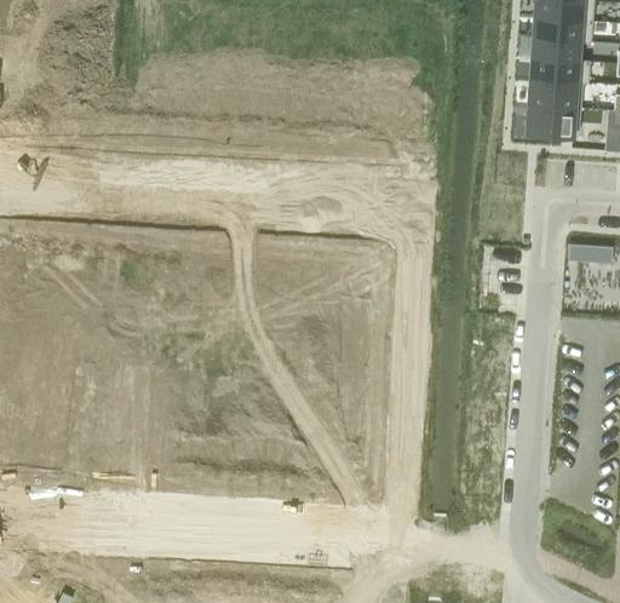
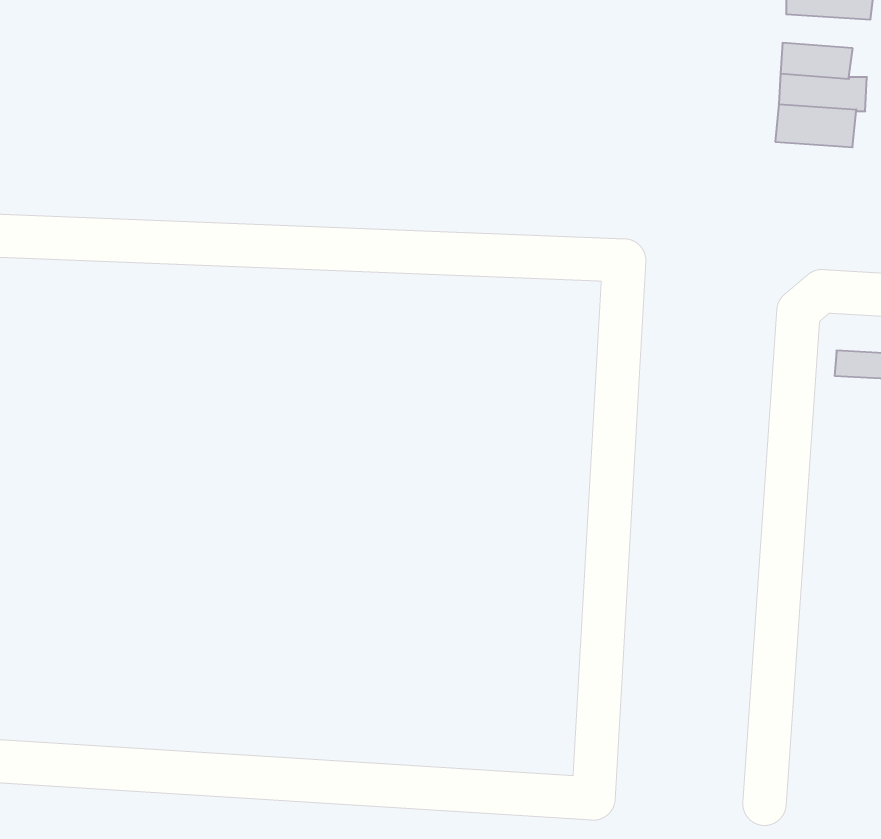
building: [530,17,590,42] -> none
building: [524,103,578,137] -> none

